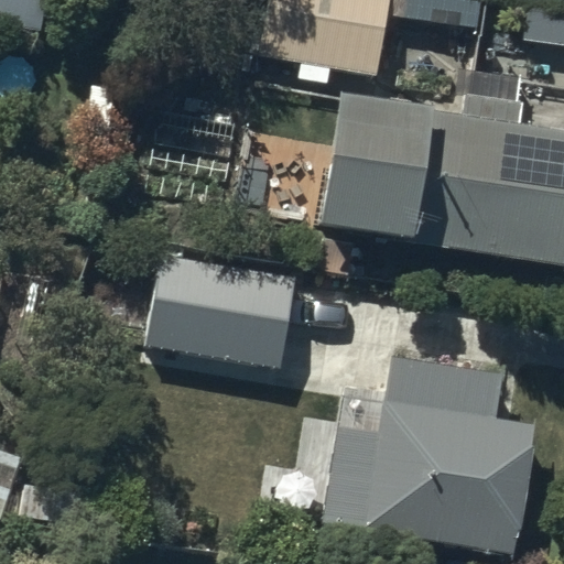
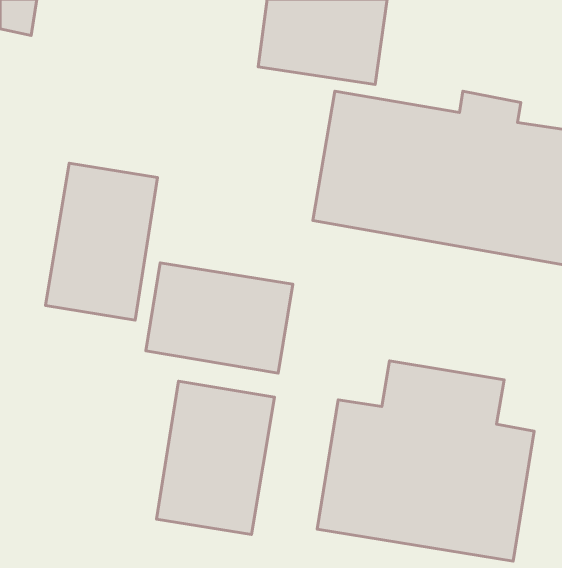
building: none -> [46,163,158,320]
building: none -> [157,381,274,535]

